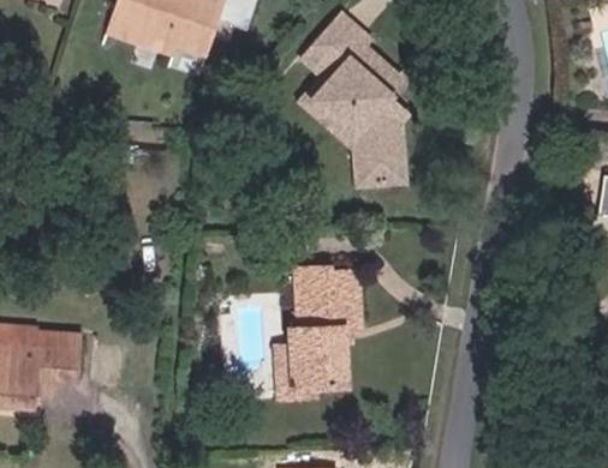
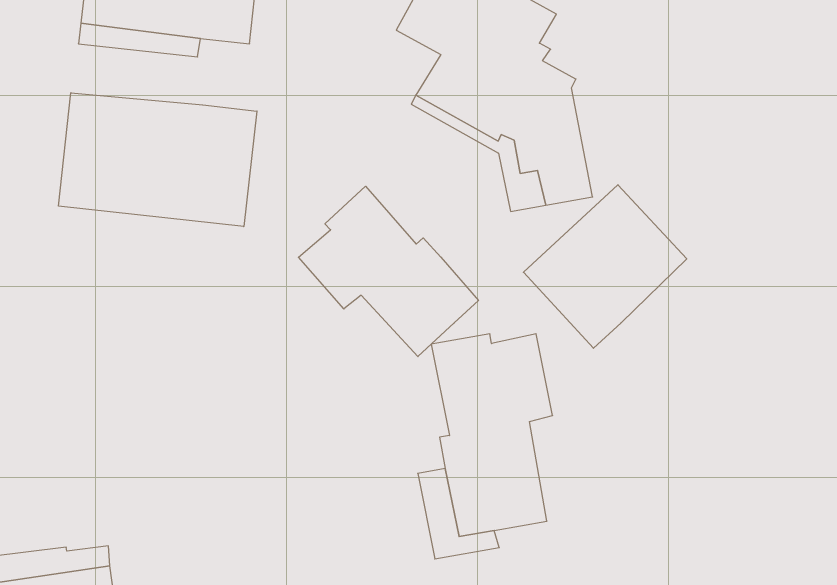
building: none -> [59,93,257,227]
building: none -> [298,186,478,357]
building: none -> [523,185,687,348]

